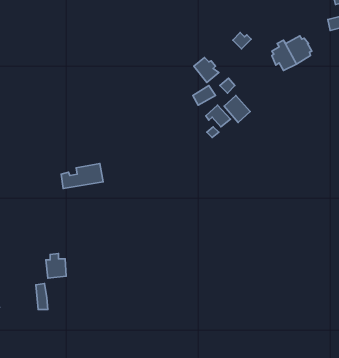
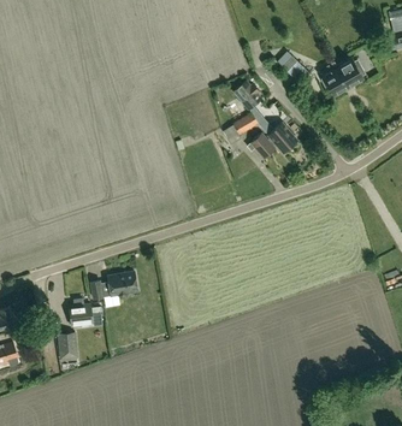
building: [61,163,103,188] -> [90,271,137,298]

